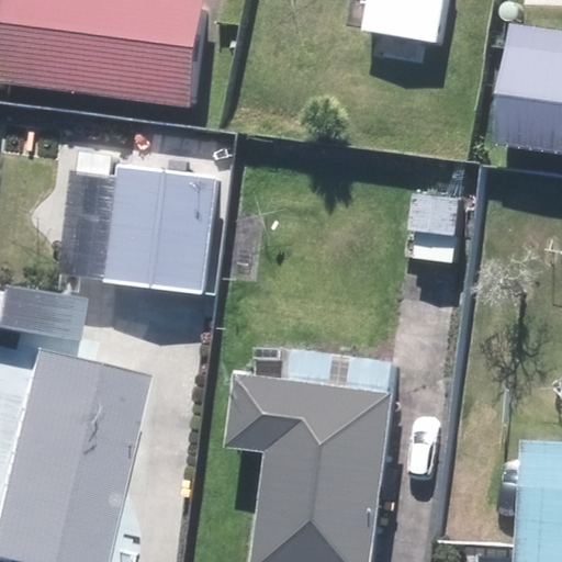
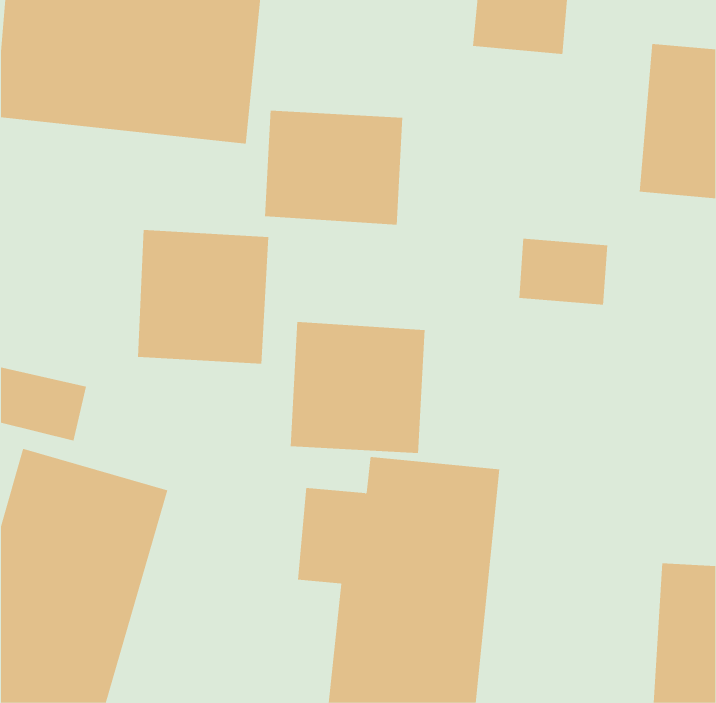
building: none -> [265,110,403,225]
building: none -> [290,321,425,454]

